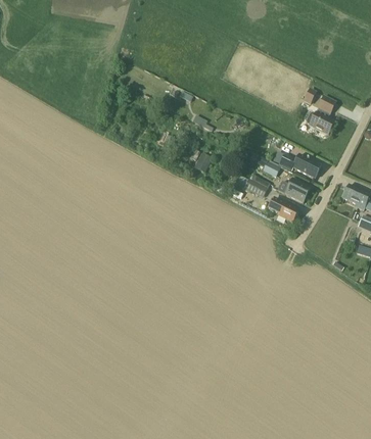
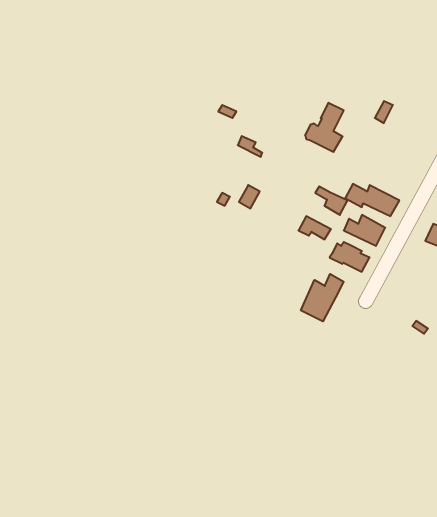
building: [306,95,336,134] -> [305,103,344,152]
building: none -> [301,274,344,321]

